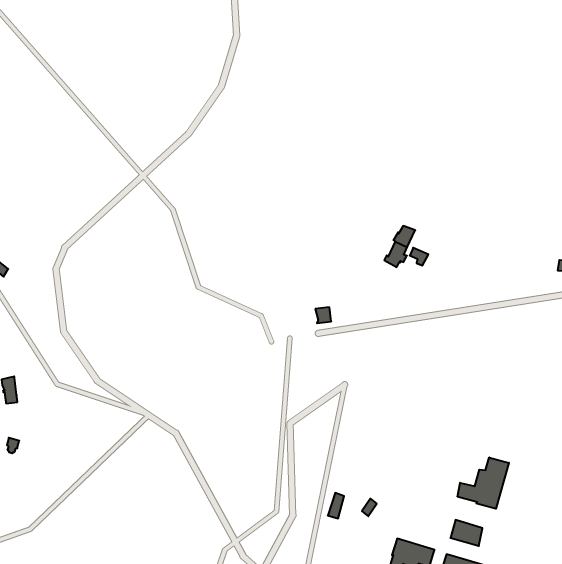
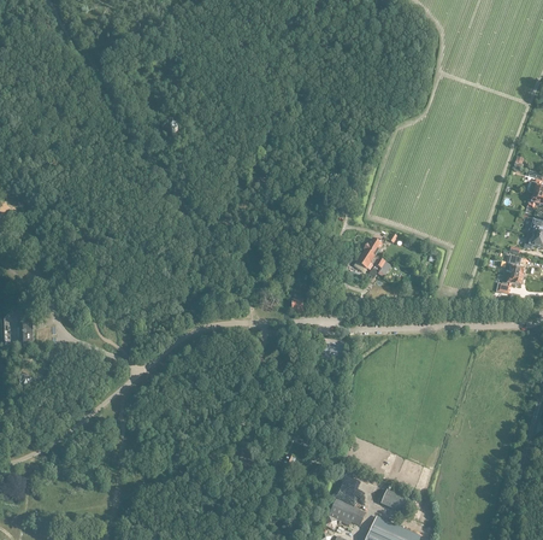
building: [458,457,509,509] -> none

